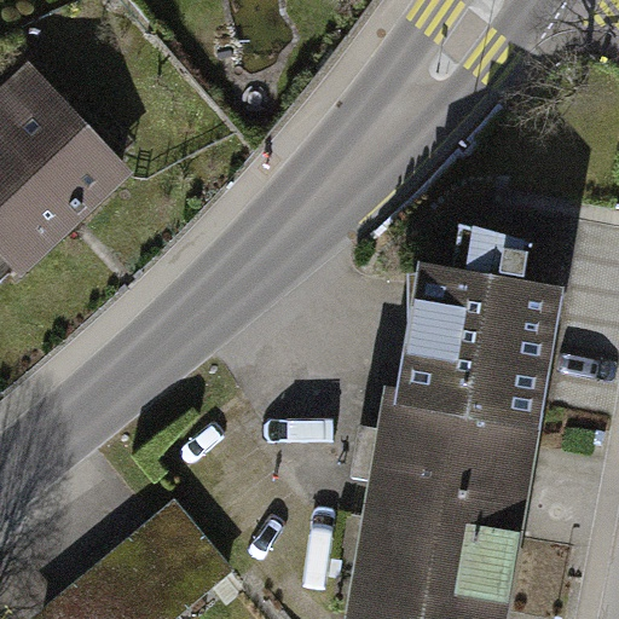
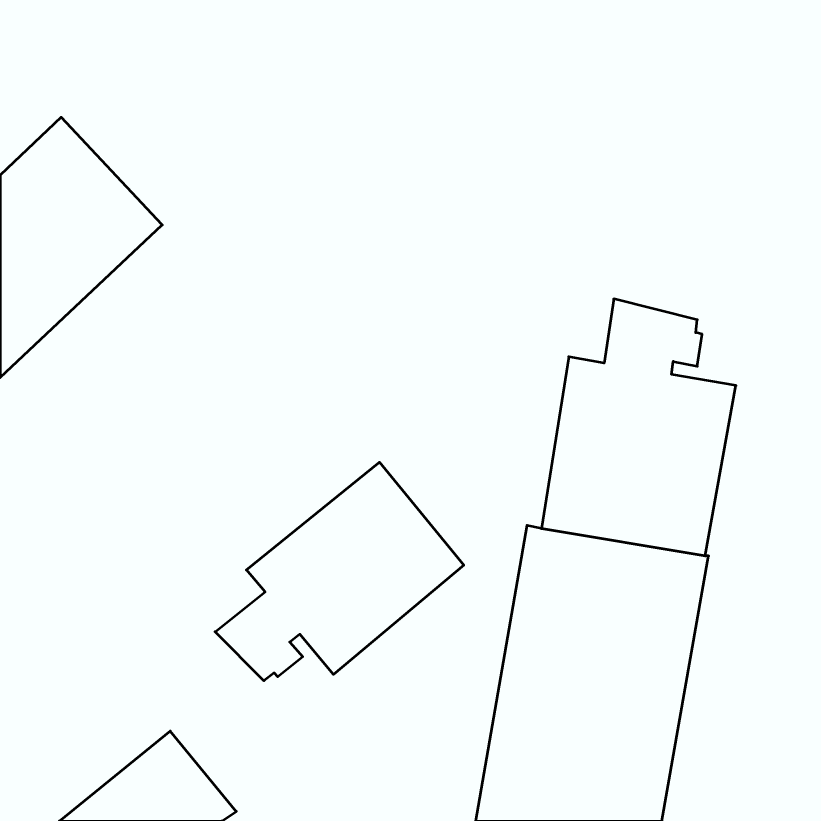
building: none -> [215,462,464,681]
building: [128,508,231,611] -> none

